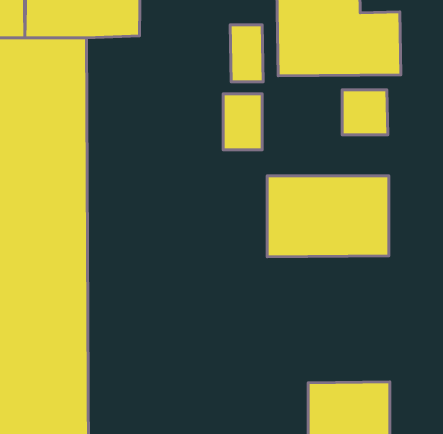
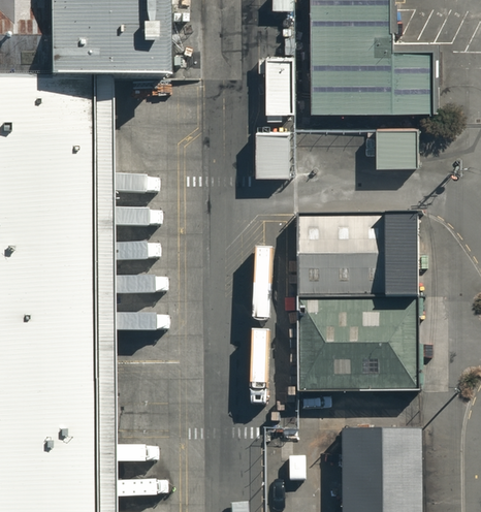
building: none -> [296,300,422,395]

